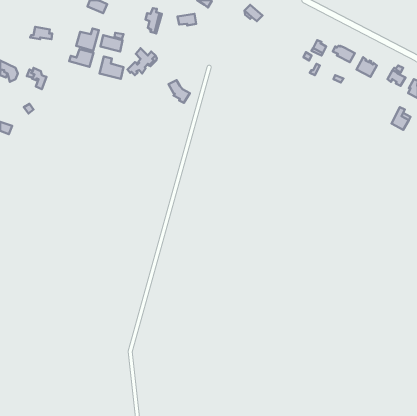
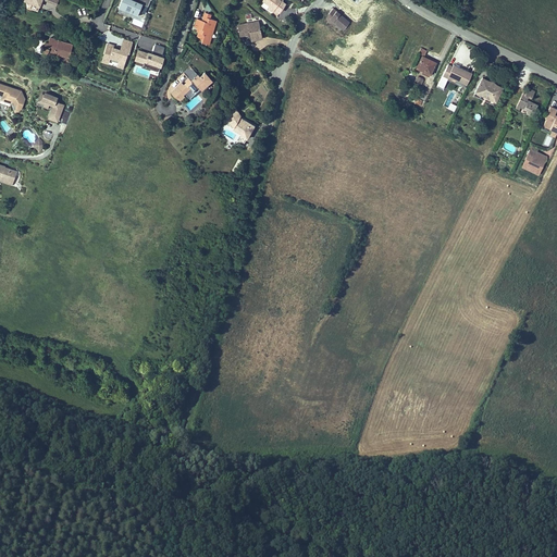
building: [69,49,93,67] -> none
building: [100,56,124,79] -> none

